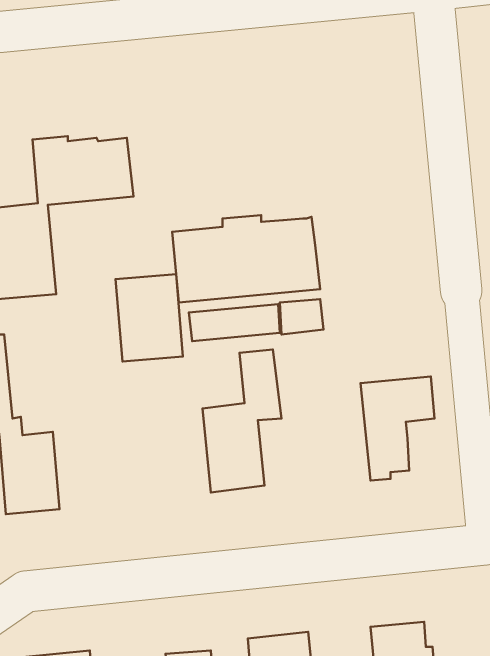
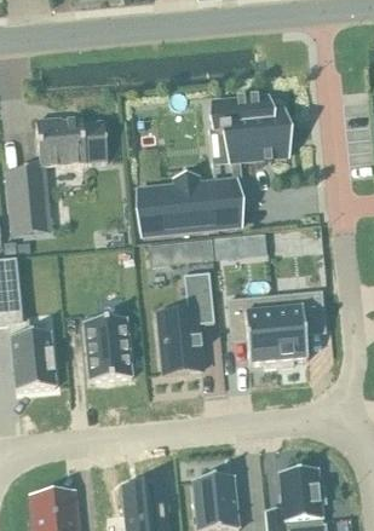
building: none -> [211,94,289,165]
building: [116,274,183,361] -> [85,318,133,381]
building: none -> [228,296,280,369]

